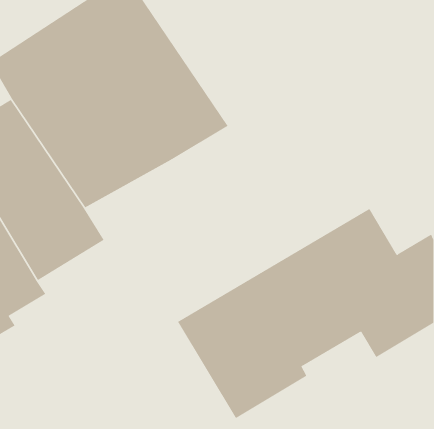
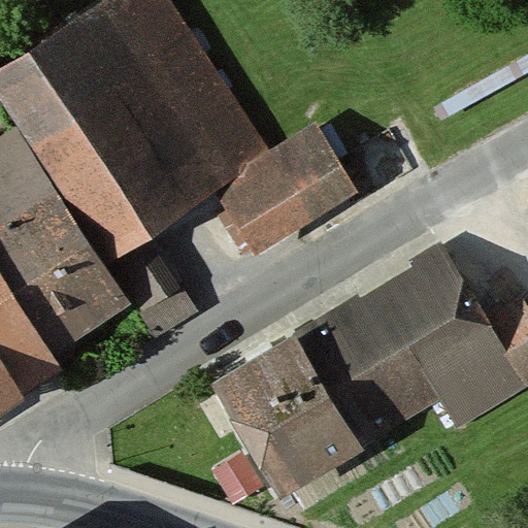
building: none -> [206,127,357,259]

